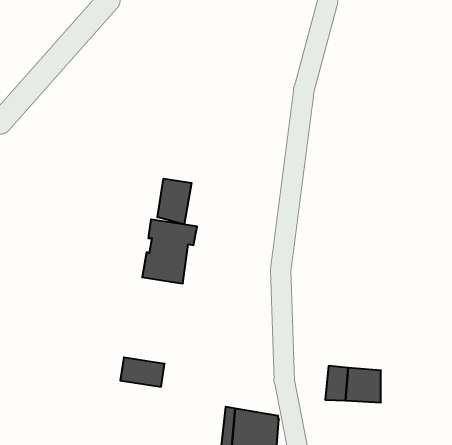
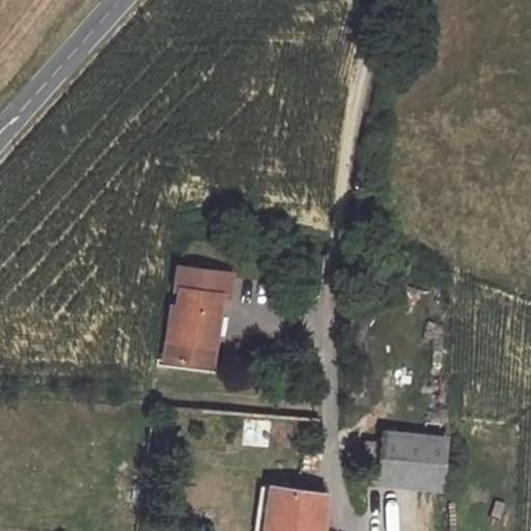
building: [157,179,192,225] -> none
building: [120,357,165,387] -> [164,334,216,368]

